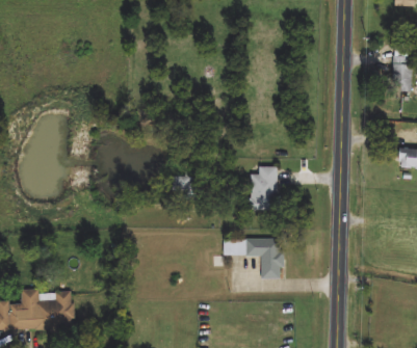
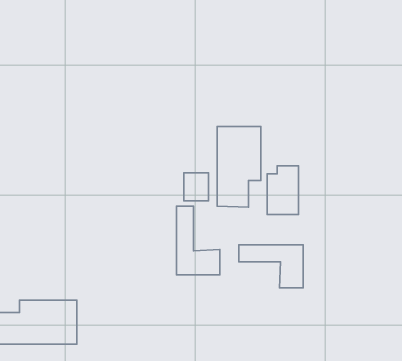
building: none -> [217,126,261,207]
building: none -> [176,206,220,275]

